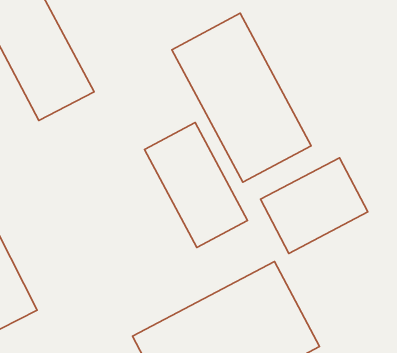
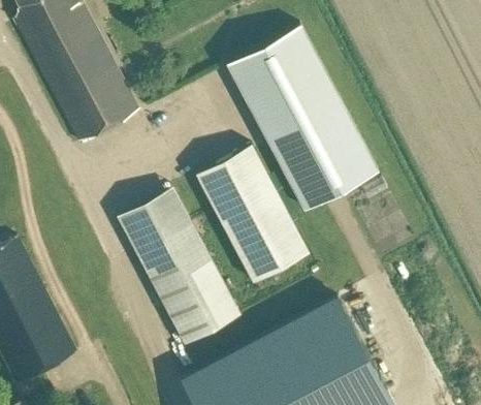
building: [261,158,368,253] -> none
building: none -> [119,188,242,345]

